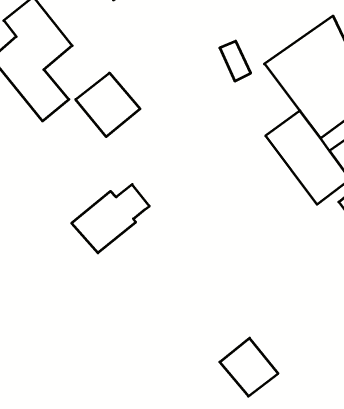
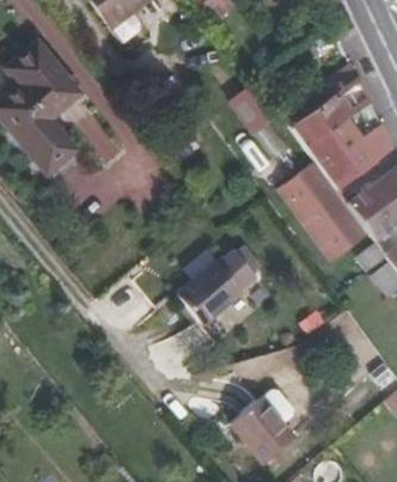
building: [76,73,140,137] -> none
building: [72,184,149,253] -> [177,254,258,325]

